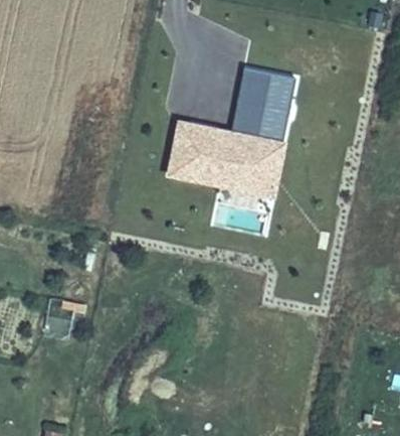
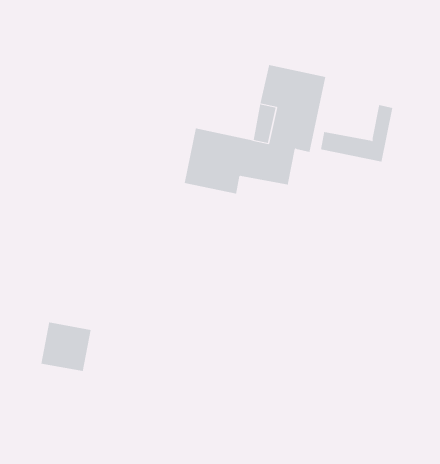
building: [215,142,280,193] -> [320,104,393,162]

